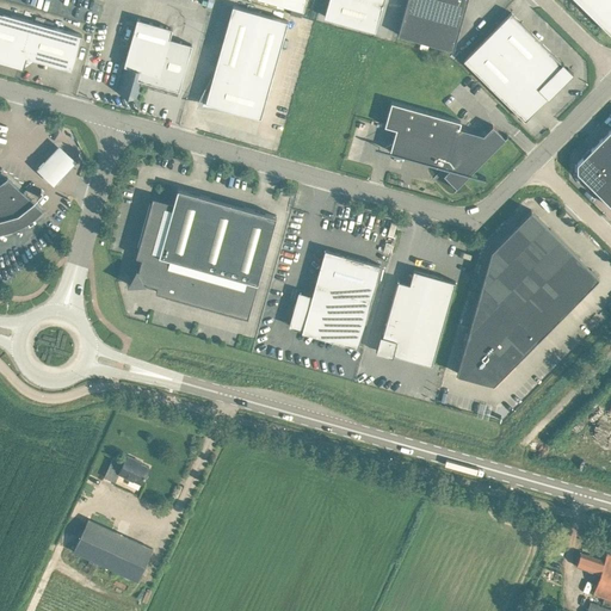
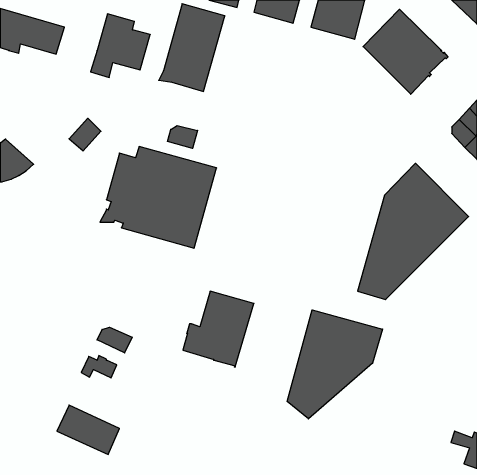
building: [384,104,507,191] -> none
building: [37,148,78,190] -> [69,118,101,151]
building: none -> [167,126,198,148]
building: [290,252,381,348] -> [183,291,254,367]
building: [376,272,455,366] -> none
building: none -> [287,310,383,419]
building: none -> [97,327,132,353]

